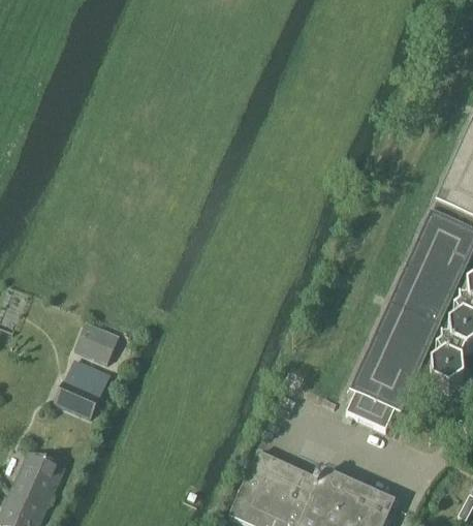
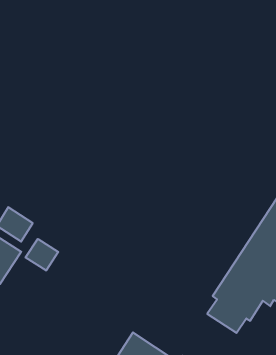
building: none -> [26,239,58,271]

